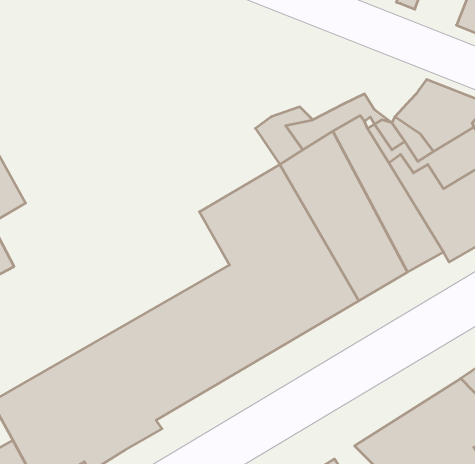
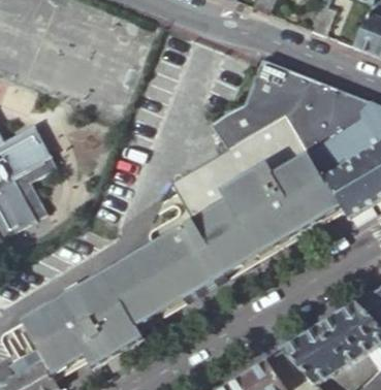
building: none -> [248,59,304,104]

